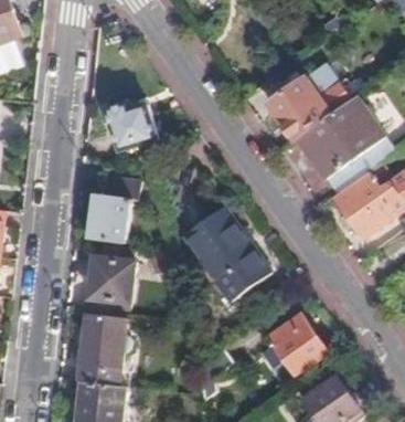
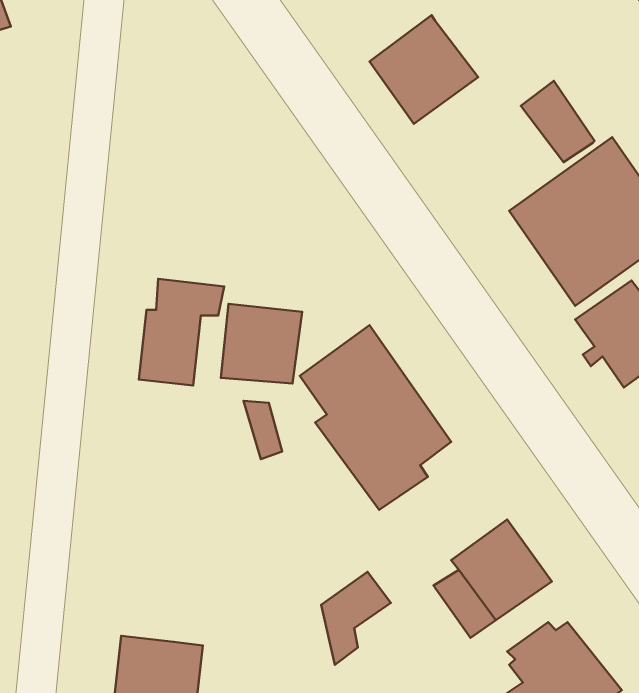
building: [269,75,331,137] -> [369,15,478,124]
building: [107,101,157,147] -> none
building: [88,256,135,302] -> [221,304,302,384]
building: [79,327,128,386] -> none

